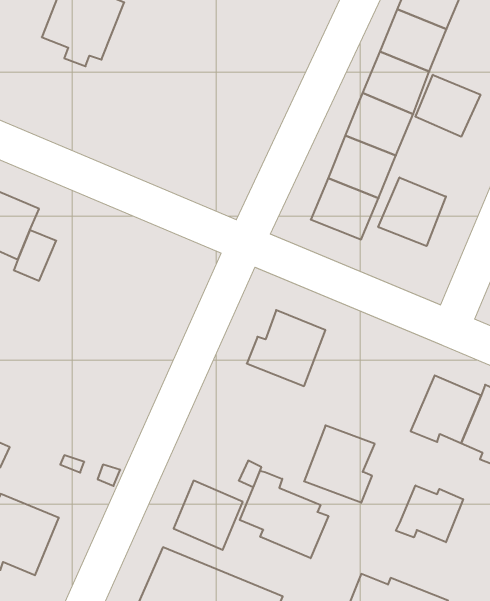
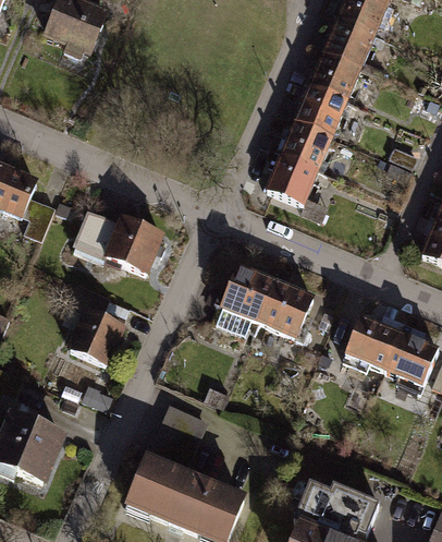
building: [415,75,480,137] -> none
building: [378,177,446,246] -> none
building: none -> [71,209,170,281]
building: none -> [69,310,121,363]
building: [304,425,375,503] -> [260,279,318,342]
building: [240,471,328,558] -> none
building: [396,485,463,542] -> none

